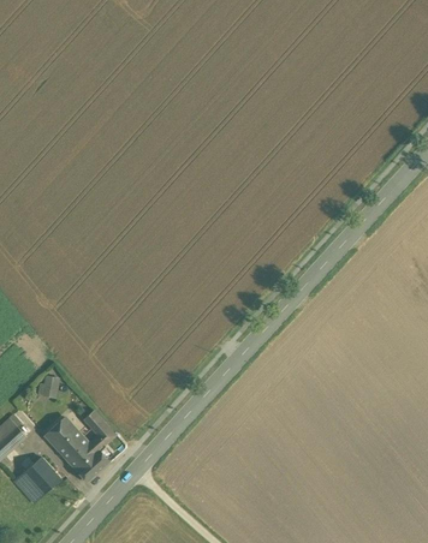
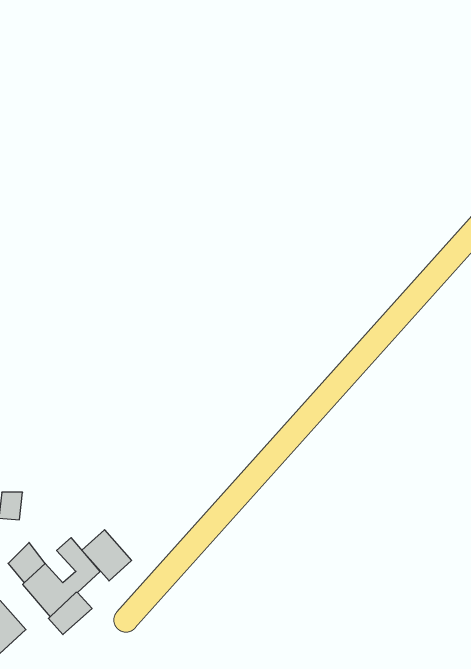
building: none -> [82,530,132,581]

